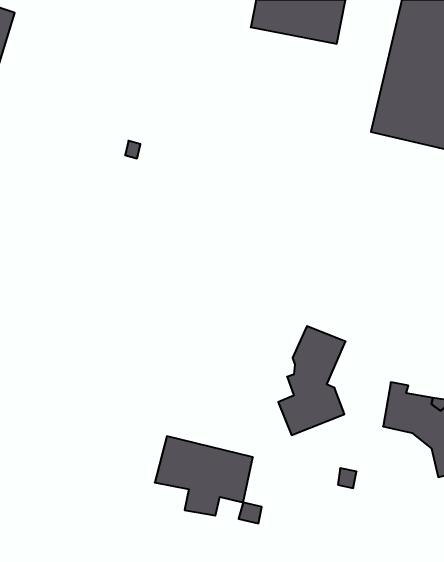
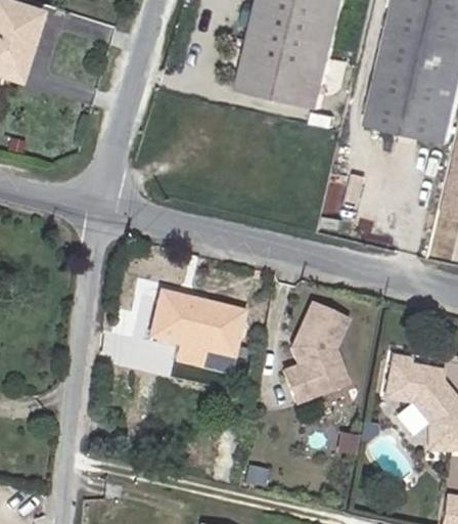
building: none -> [245,26,338,106]
building: [155,436,253,516] -> [147,290,238,363]

